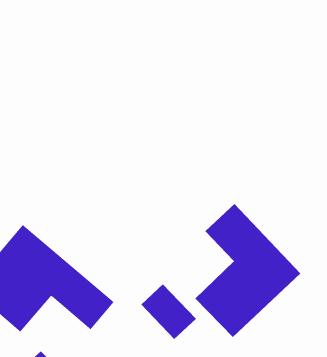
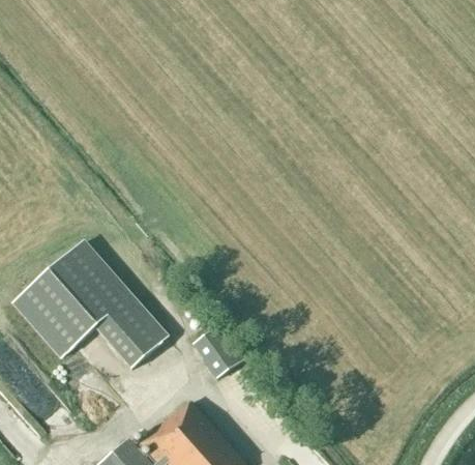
building: [195,203,301,338] -> none

